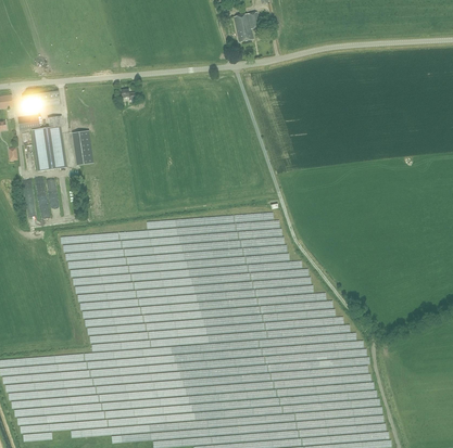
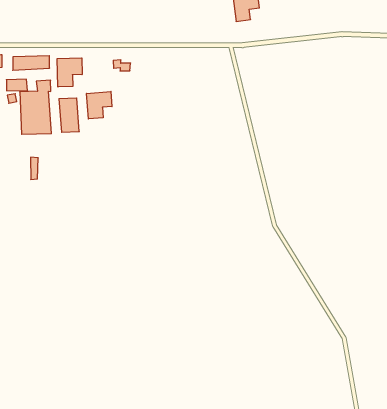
building: none -> [57,58,82,87]
building: none -> [87,91,112,119]

